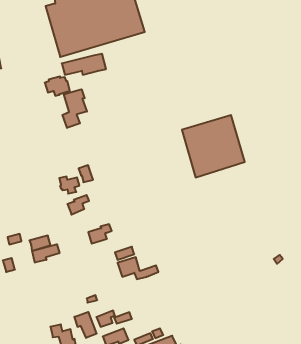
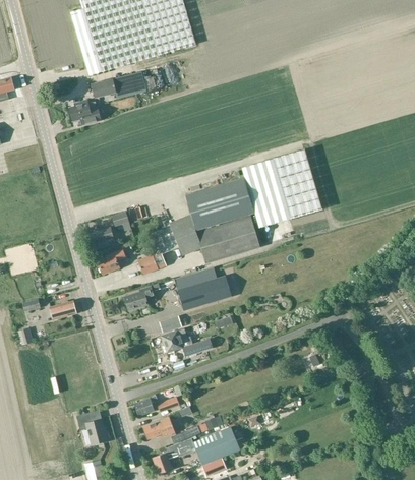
building: [62,89,87,128] -> none
building: none -> [137,178,259,275]
building: none -> [174,268,231,311]
building: [32,244,59,263] -> none
building: [74,312,97,338] -> none

